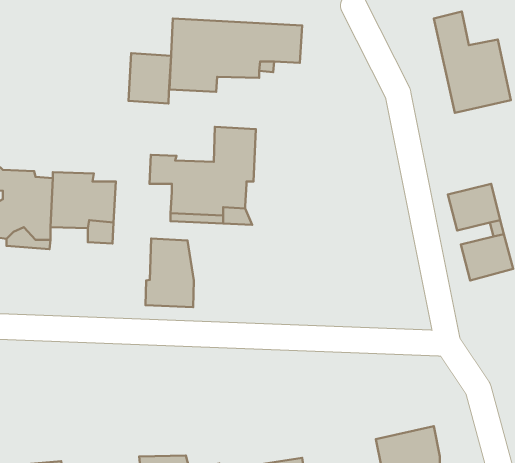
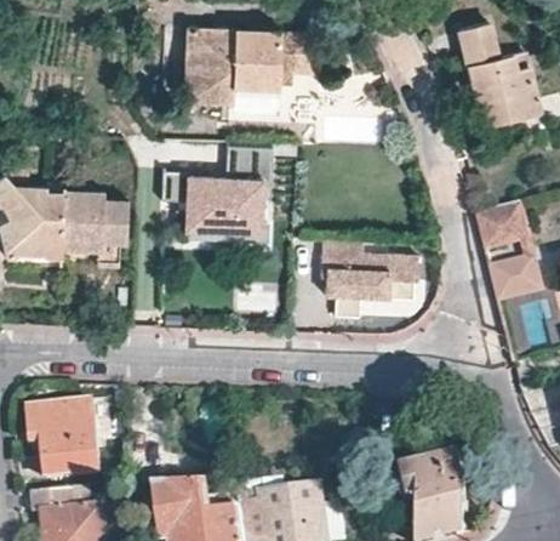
building: [129,53,171,104] -> none
building: none -> [322,239,419,317]
building: [145,238,194,307] -> none
building: none -> [27,399,96,477]

